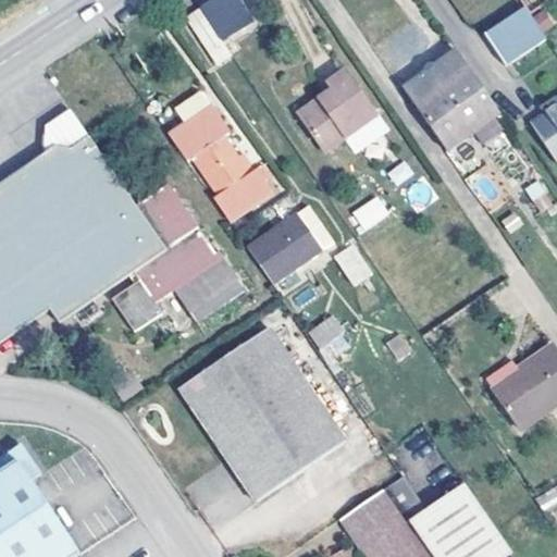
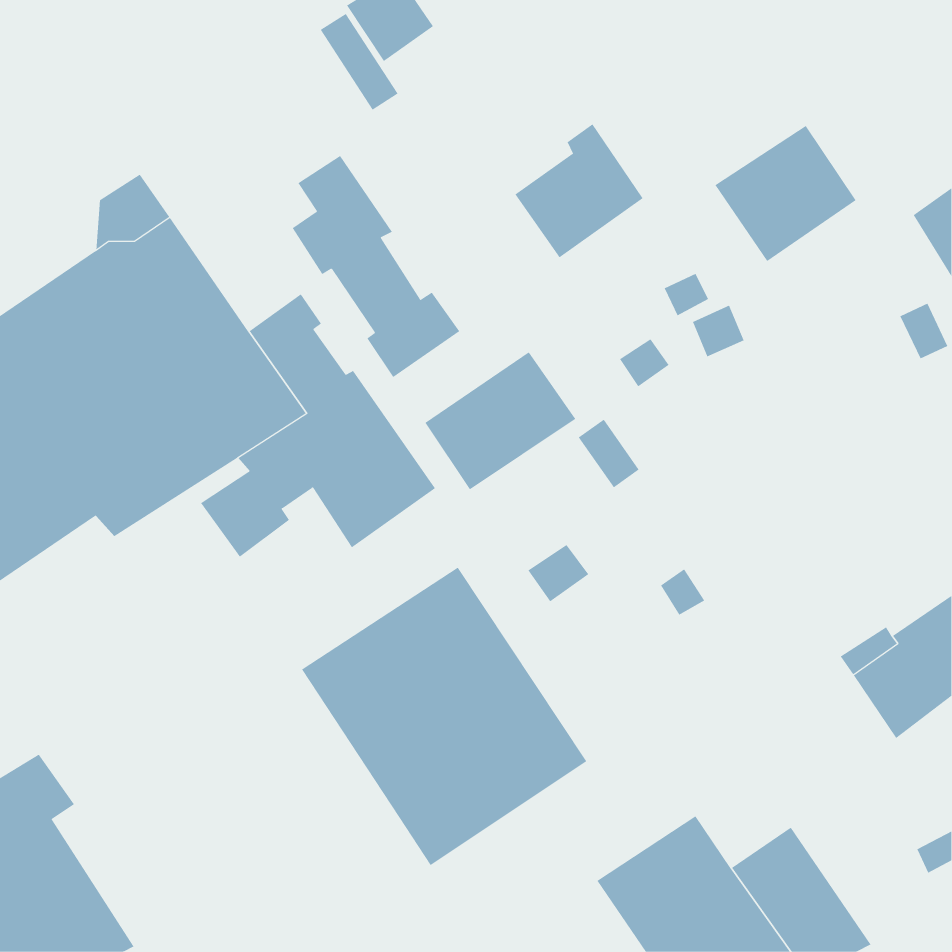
building: [484,9,546,66] -> none
building: [403,53,469,108] -> none

